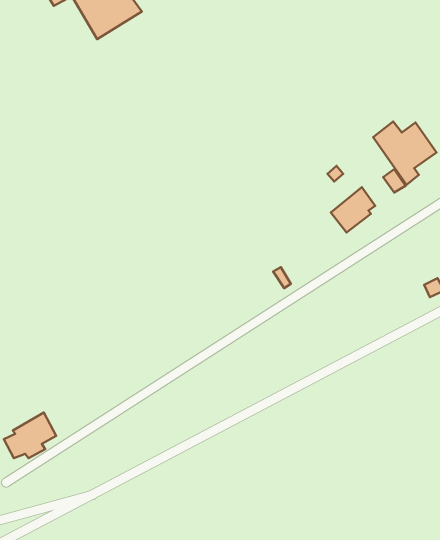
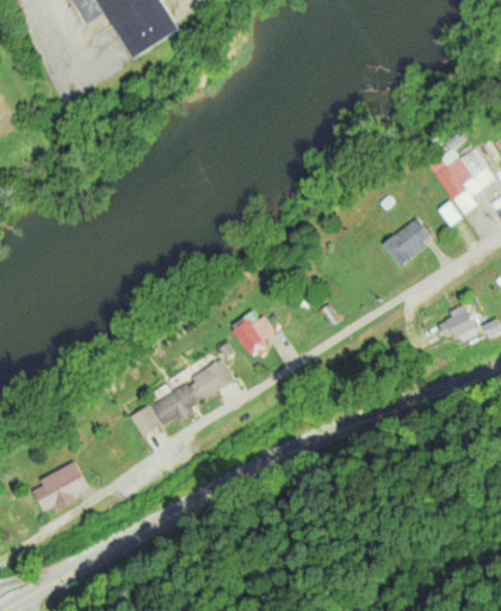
building: none -> [438,302,476,339]
building: none -> [233,316,272,354]
building: none -> [130,357,234,436]

